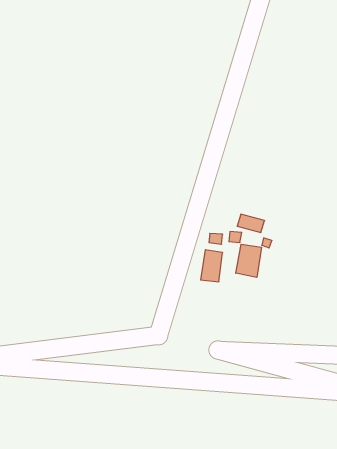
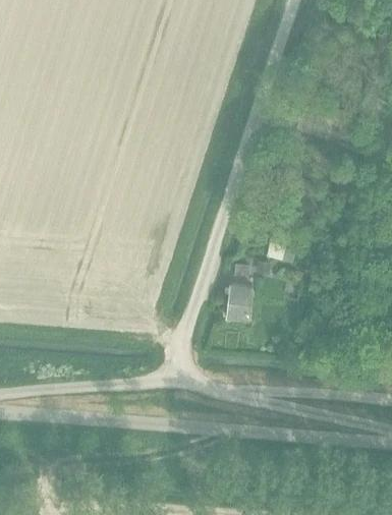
building: [236,244,261,277] -> none

